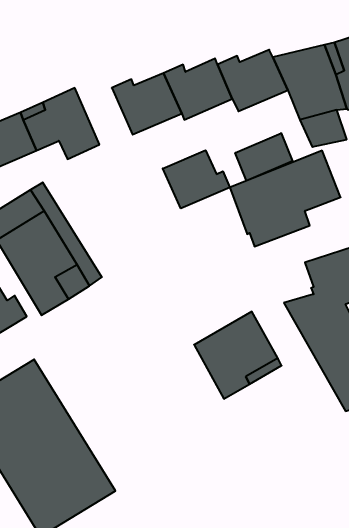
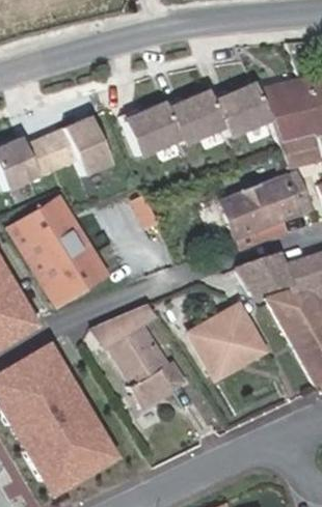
building: [235,133,293,181] -> none
building: [163,150,230,208] -> none
building: none -> [235,253,290,294]
building: none -> [89,303,184,407]

